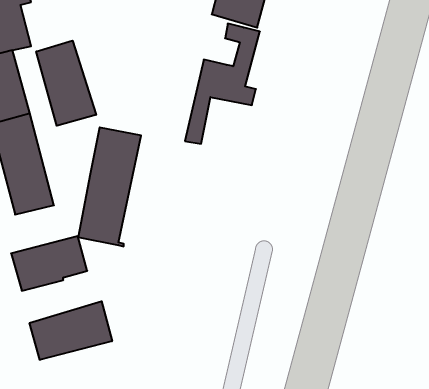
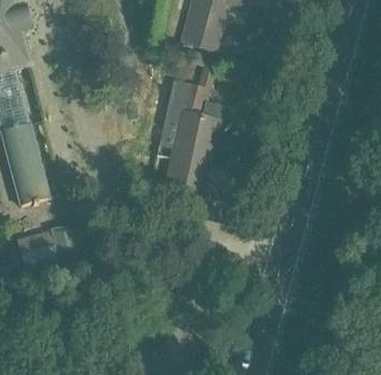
building: [36,41,96,126] -> none
building: [78,127,141,246] -> [162,108,213,206]
building: [30,301,112,360] -> none

